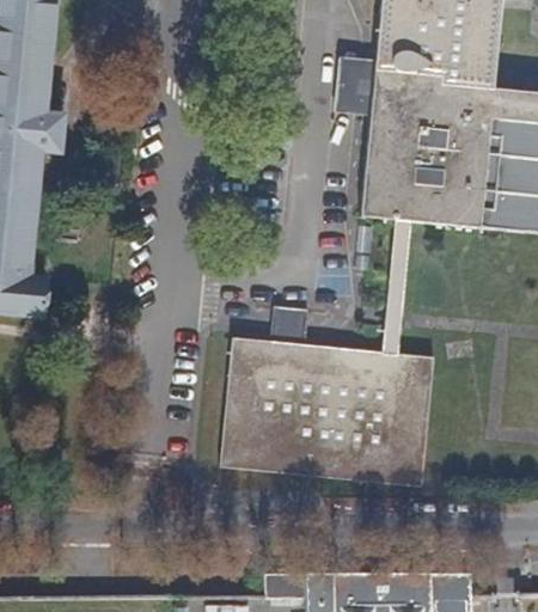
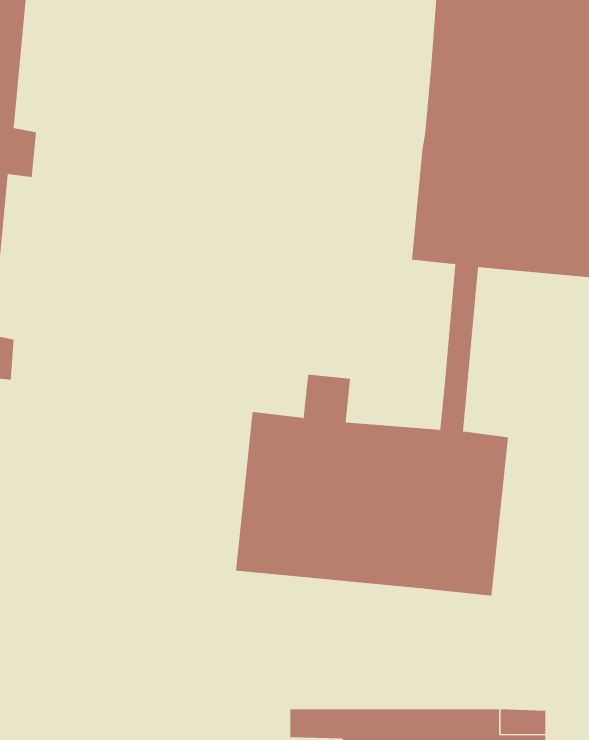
building: [334,59,374,116] -> none

